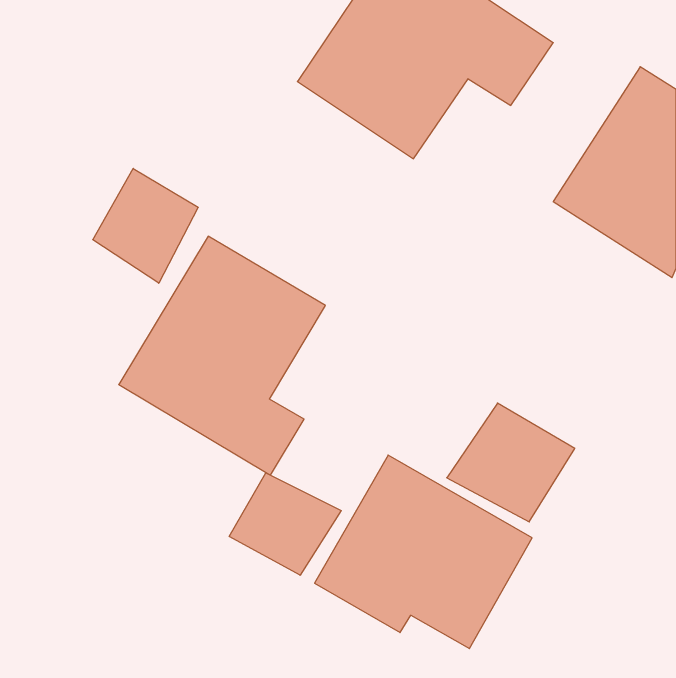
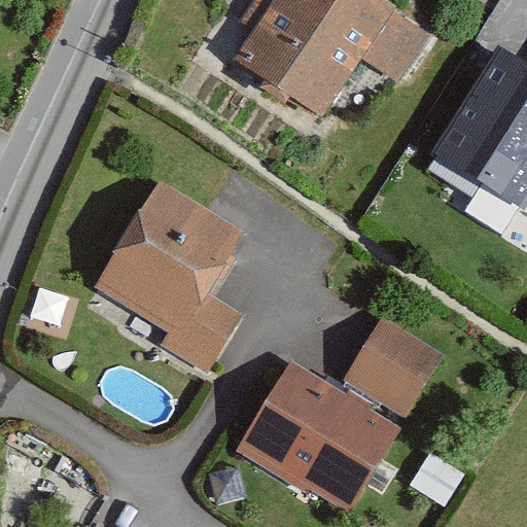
building: [93,168,198,283] -> none
building: [229,473,341,575] -> none

